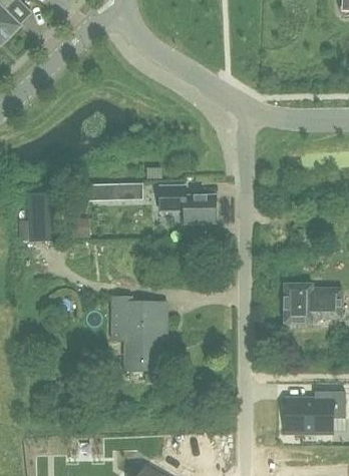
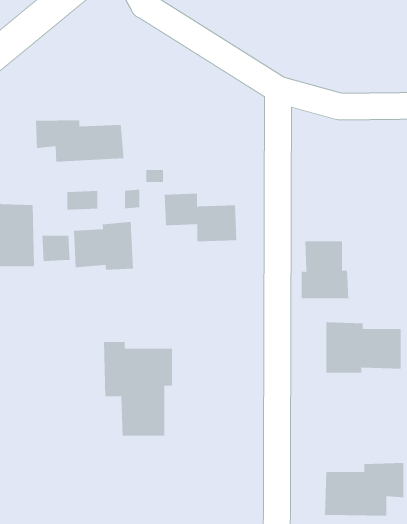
building: none -> [35,120,124,163]
building: none -> [73,221,134,271]
building: none -> [301,241,349,299]

